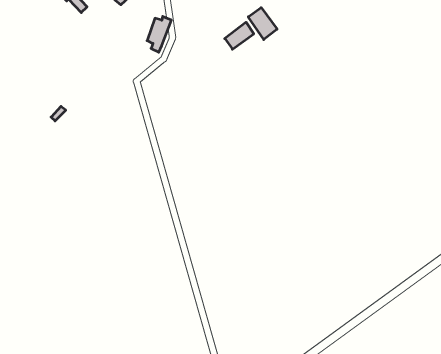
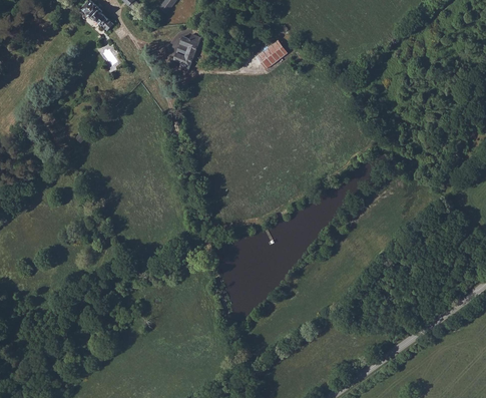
building: [248,8,277,40] -> none

